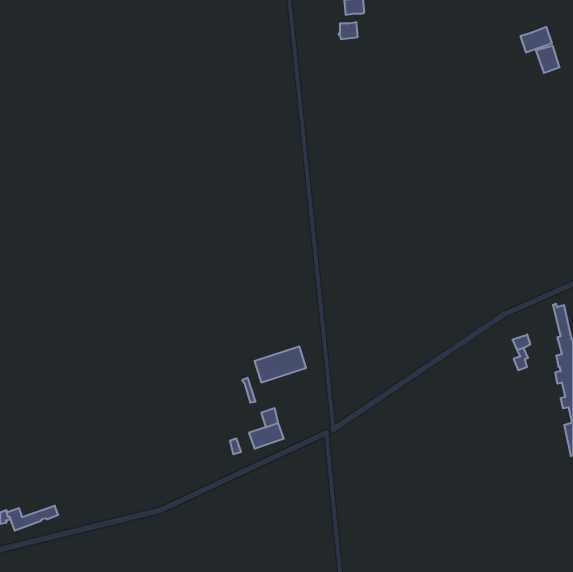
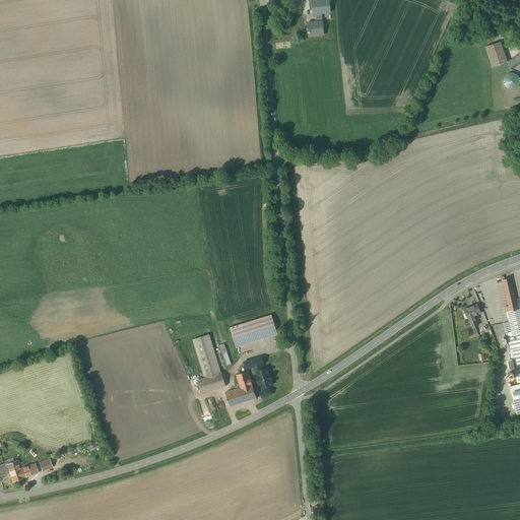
building: [521,27,552,53] -> none
building: none -> [193,333,226,393]

